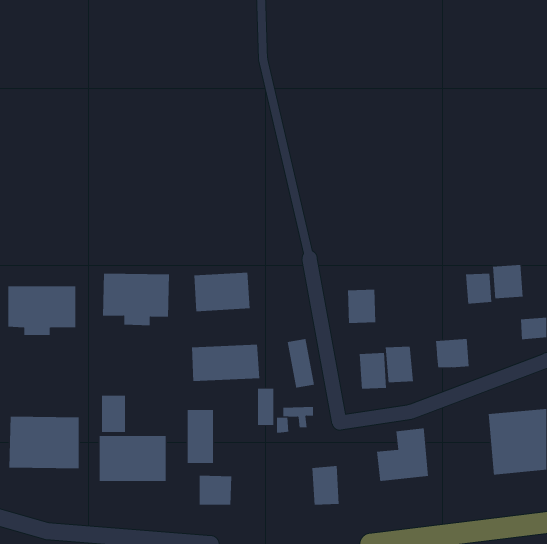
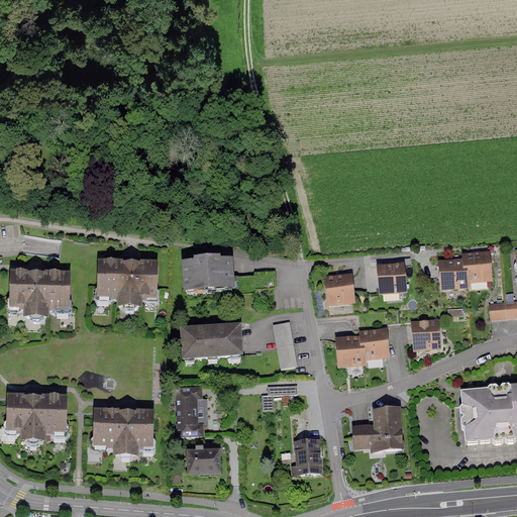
building: none -> [376,260,405,293]
building: [257,388,274,426] -> none
building: [101,395,125,433] -> none

